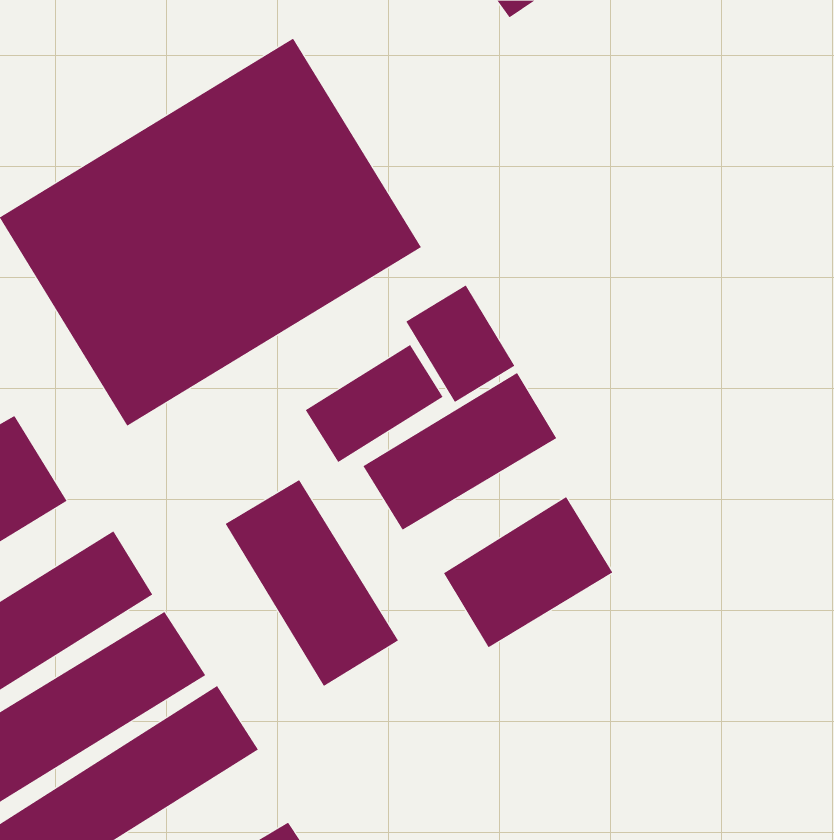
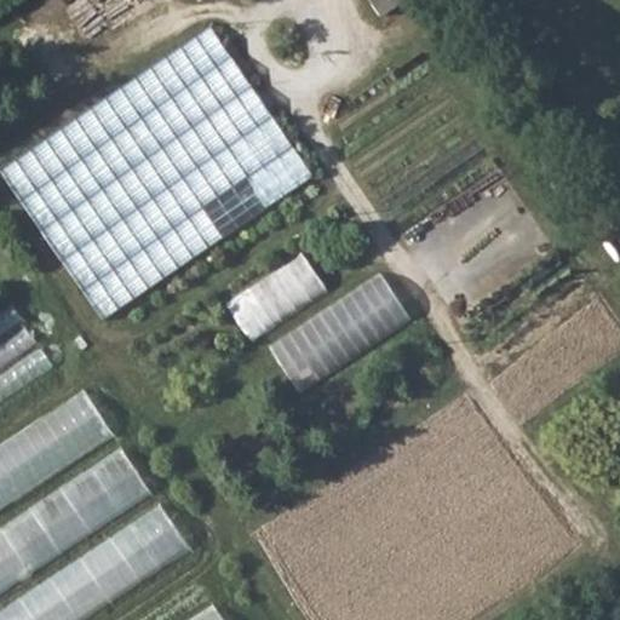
building: [405,285,515,403] -> none
building: [225,479,399,687] -> none
building: [443,496,613,648] -> none

